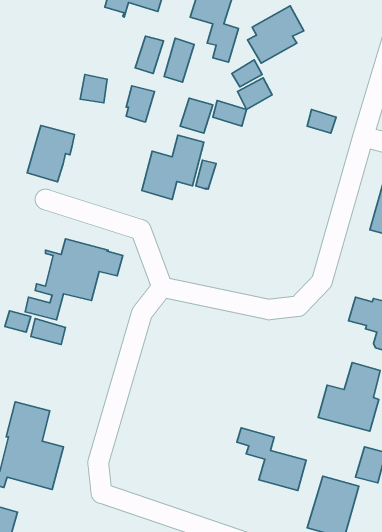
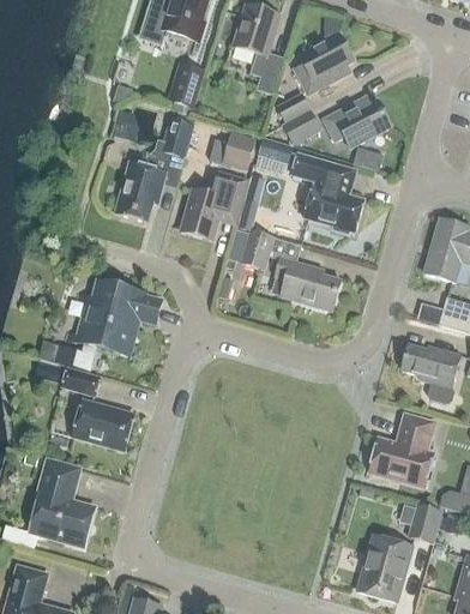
building: [164,38,194,82] -> none
building: none -> [323,98,391,148]
building: none -> [291,152,363,233]
building: [27,126,74,182] -> [114,162,164,222]
building: none -> [239,229,273,270]
building: none -> [275,257,341,311]
building: none -> [72,399,129,450]
building: [237,428,306,490] -> none

